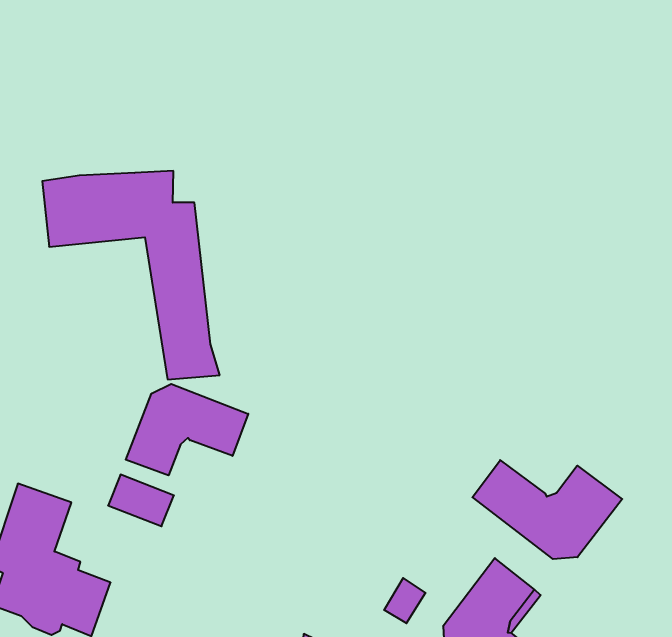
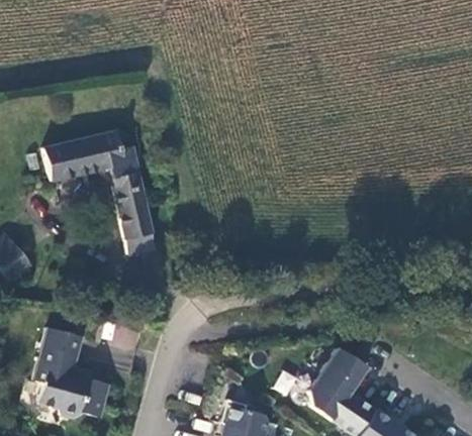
building: [126,384,248,475] -> none
building: [472,460,622,559] -> none

